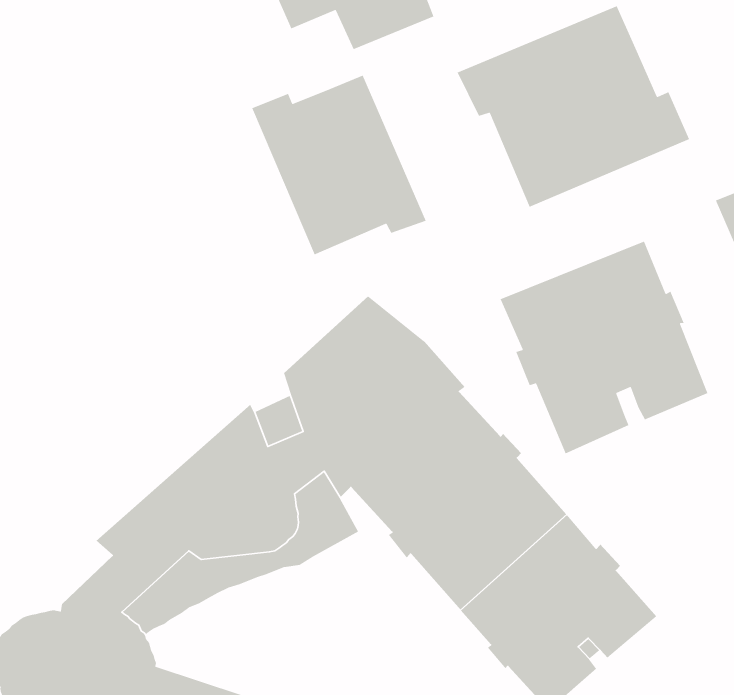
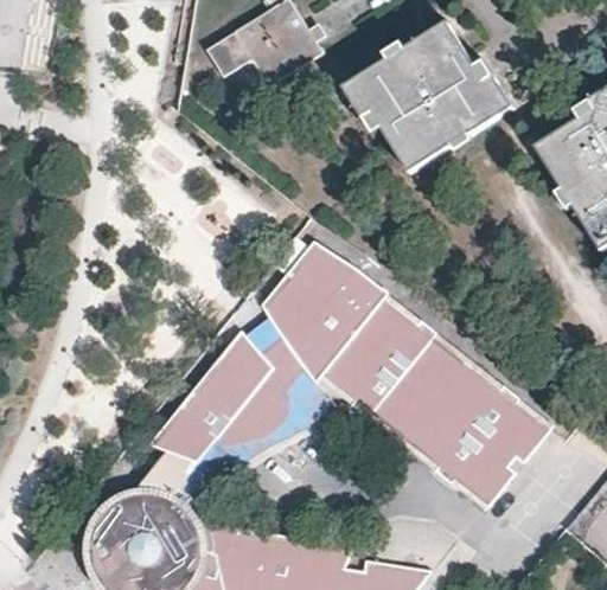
building: [251,75,427,255] -> none
building: [500,240,709,455] -> none

